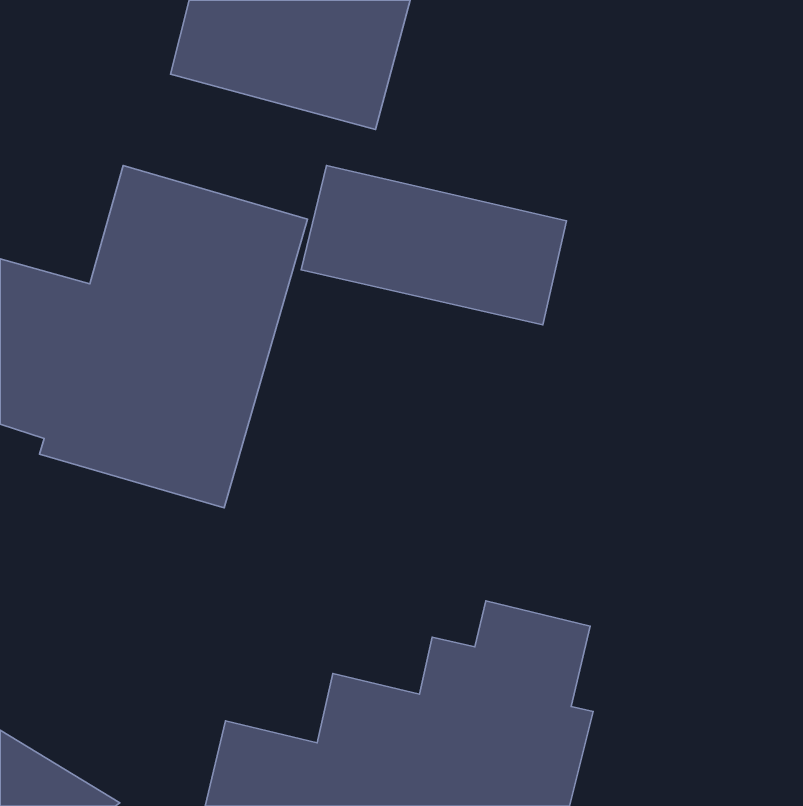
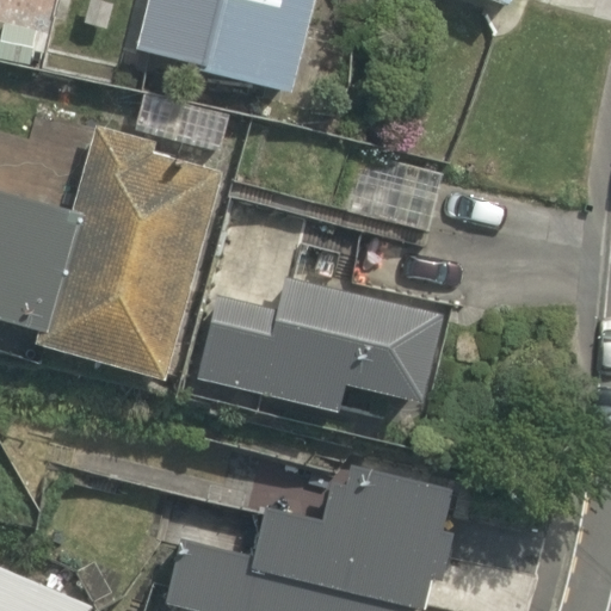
building: none -> [195,274,431,418]

